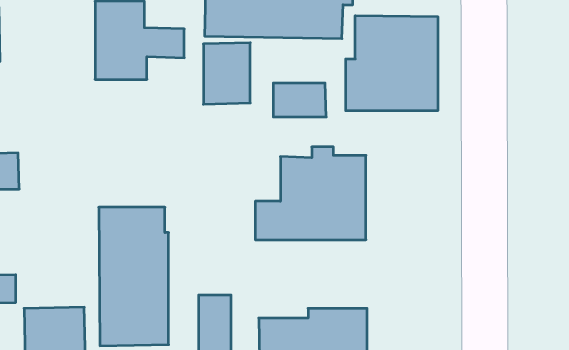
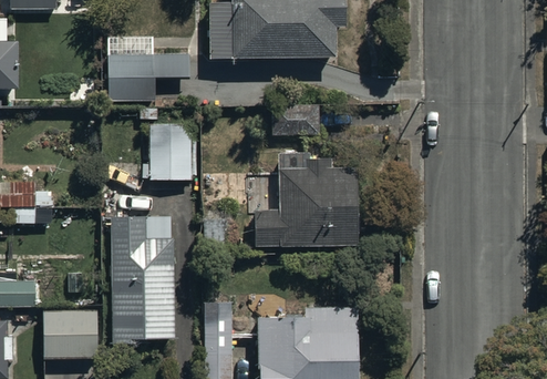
building: [346,16,438,111] -> none
building: [203,43,250,104] -> [148,123,192,180]

